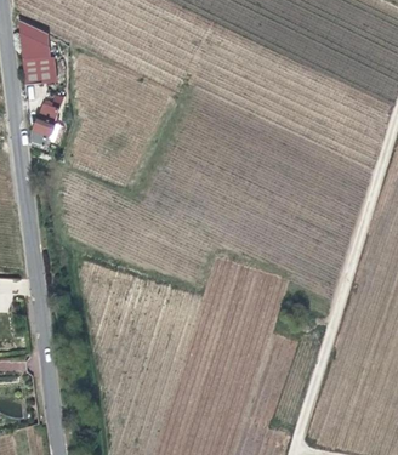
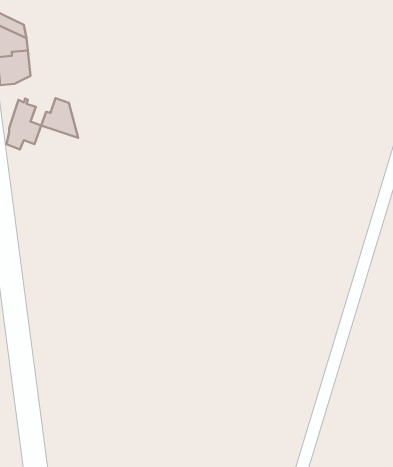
building: none -> [41,98,78,138]

